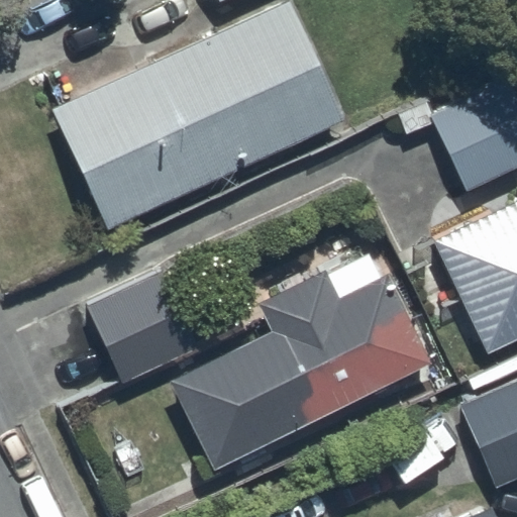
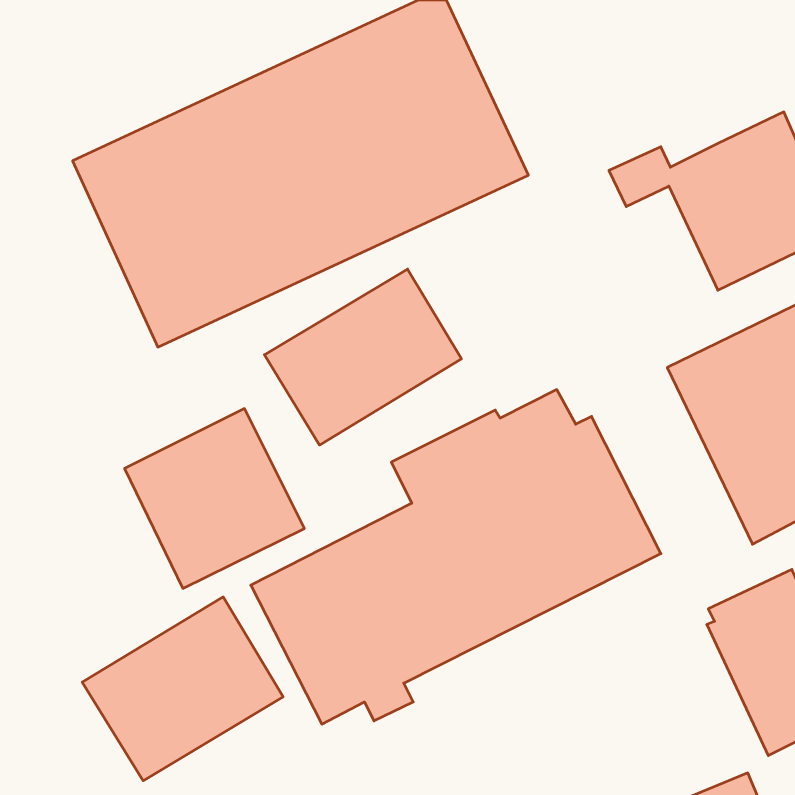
building: none -> [264,269,461,445]
building: none -> [82,597,283,781]

